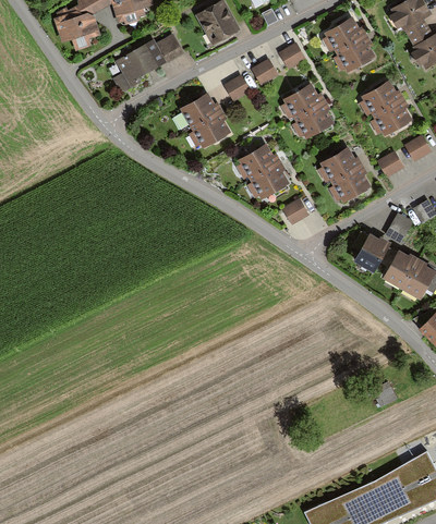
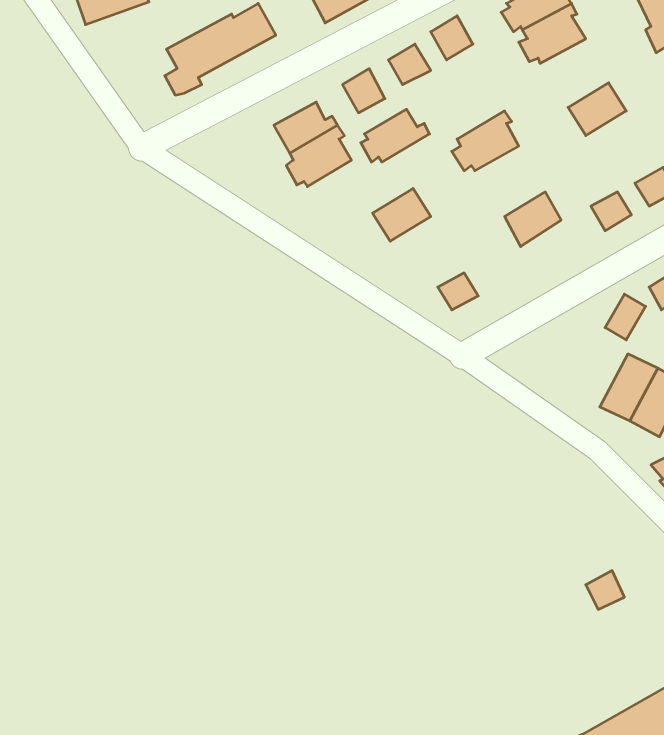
building: [281,85,324,118] -> [361,109,430,162]
building: [374,100,409,133] -> none
building: [253,166,288,198] -> none
building: [334,168,370,200] -> none
building: [355,232,393,273] -> none

